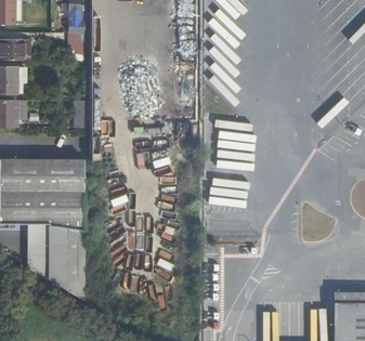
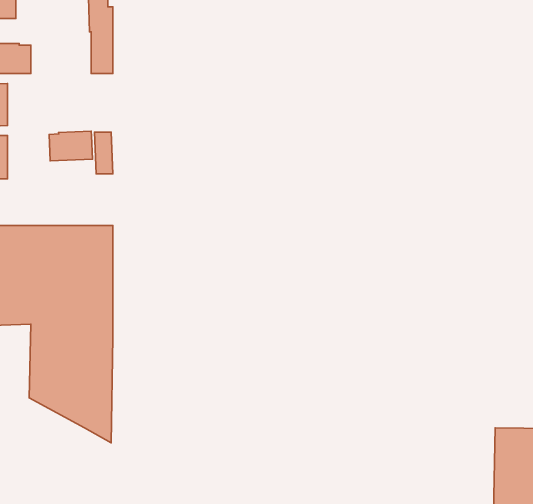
building: none -> [49,131,92,161]

